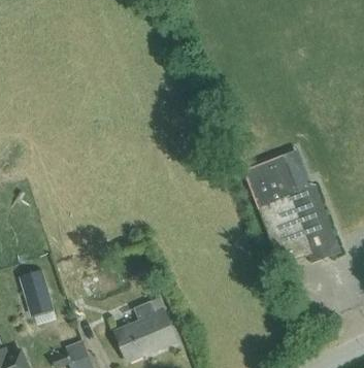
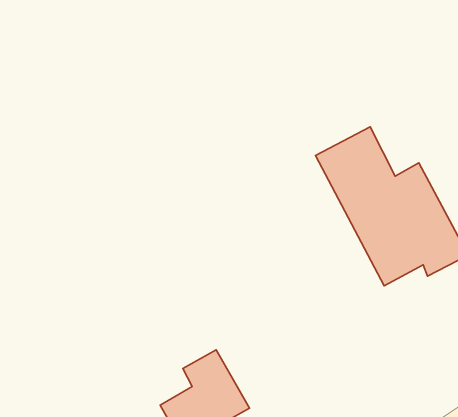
building: [26,283,55,314] -> none

